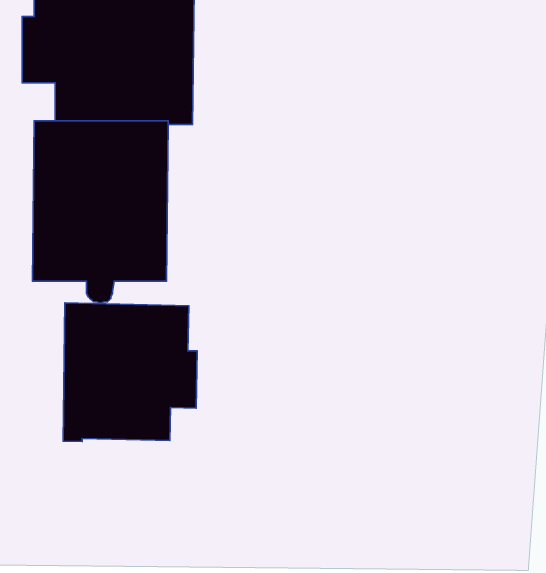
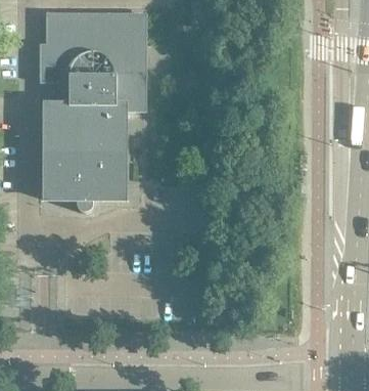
building: [63,303,197,441] -> none

